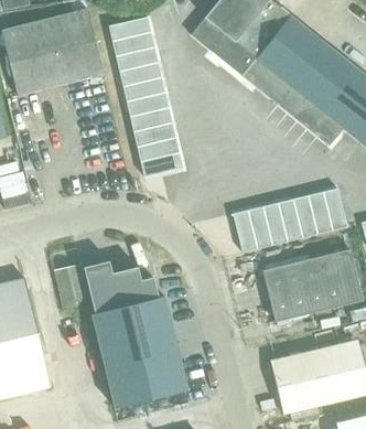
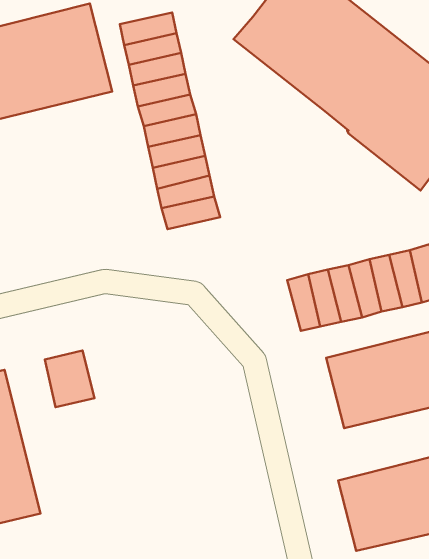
building: [84,259,187,407] -> none

